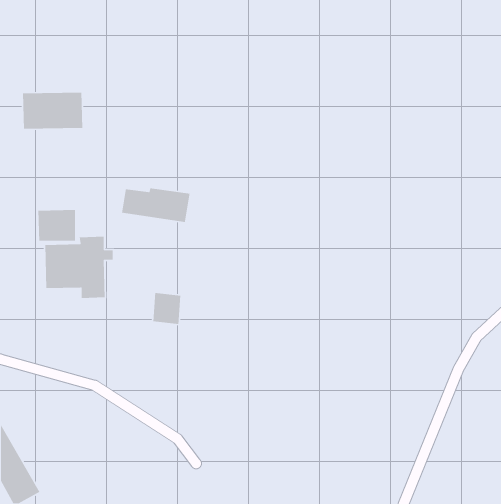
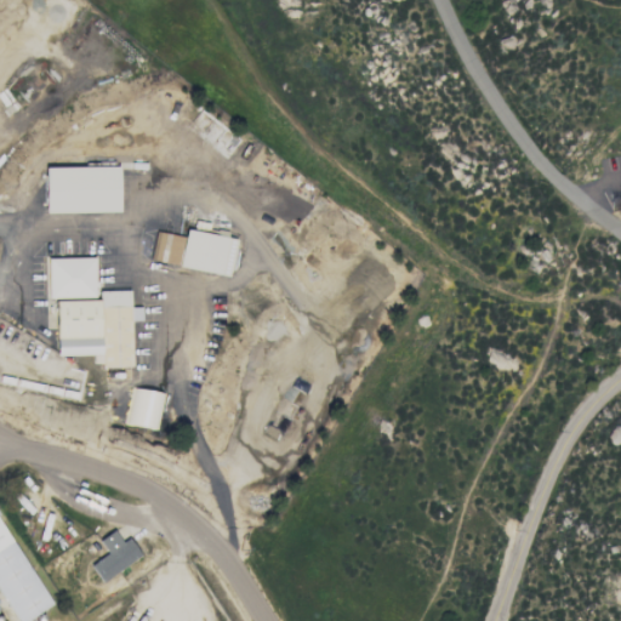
building: [22,92,83,129] -> [46,166,121,212]
building: [152,292,181,325] -> [131,388,166,428]
building: none -> [92,530,144,582]

